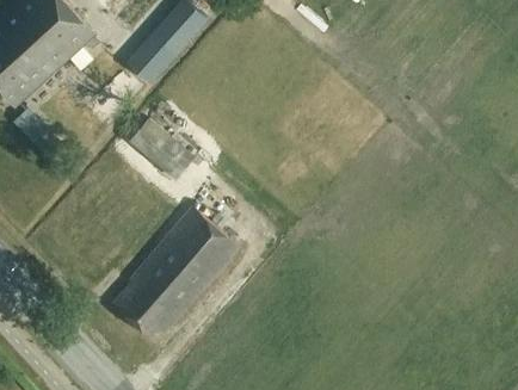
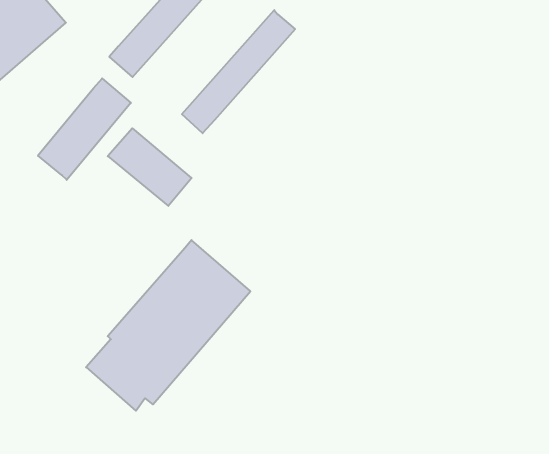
building: none -> [182,10,295,133]
building: none -> [38,78,131,180]

